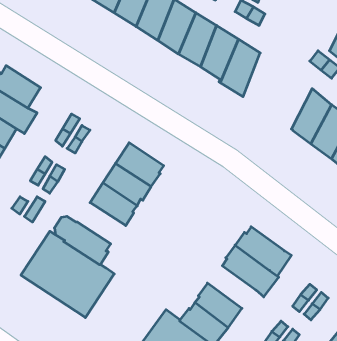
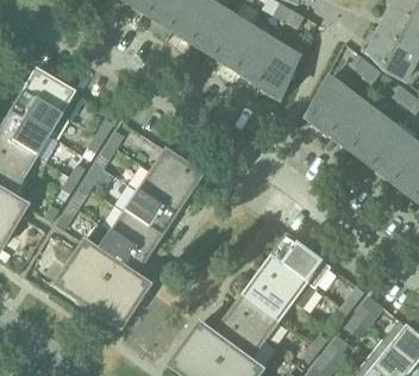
building: none -> [308,76,352,137]
building: none -> [110,211,160,253]
building: none -> [244,276,294,320]

